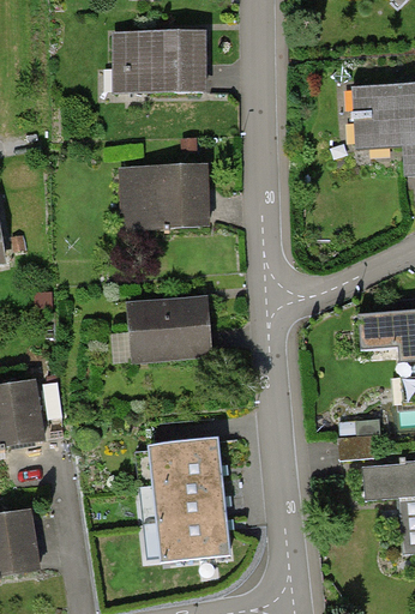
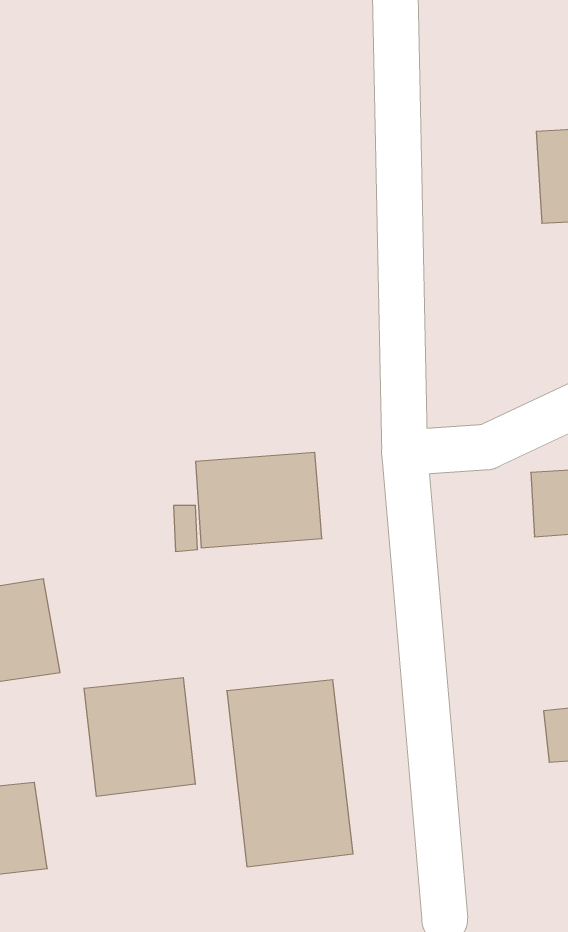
building: [114,29,206,92] -> none
building: [124,165,211,229] -> none
building: none -> [84,678,195,796]

